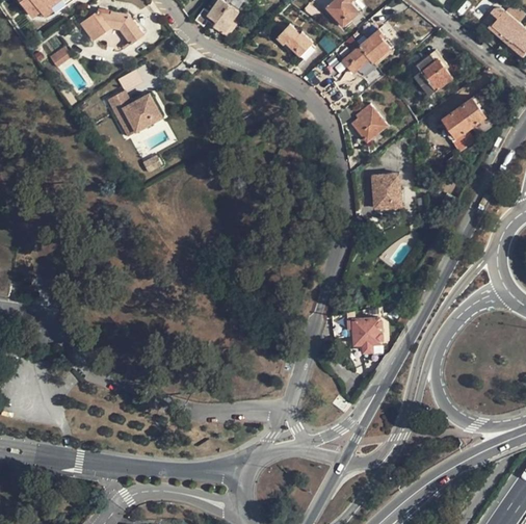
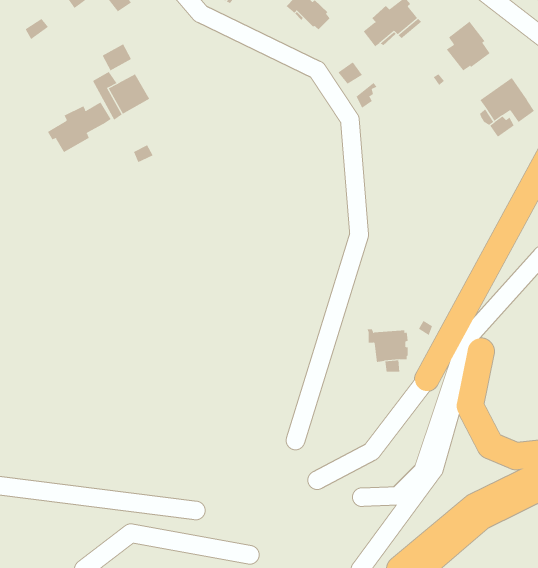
building: [352,104,387,141] -> none
building: none -> [47,102,111,153]
building: [369,173,402,211] -> none

